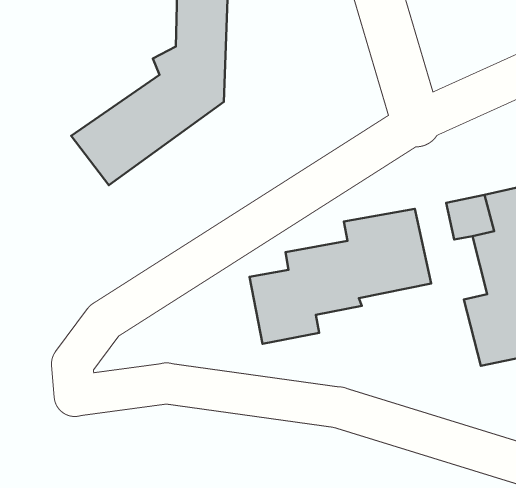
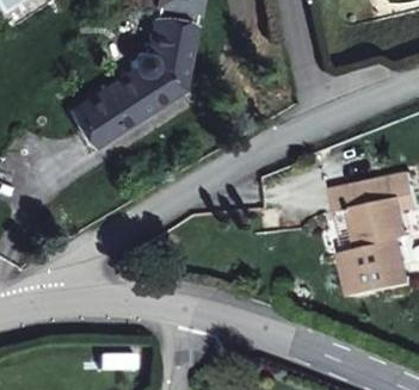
building: [249,209,431,344] -> none

